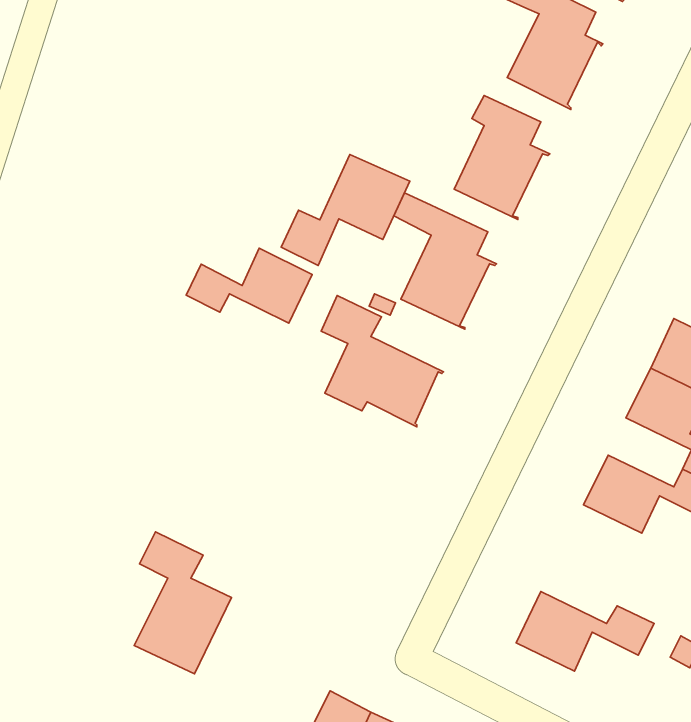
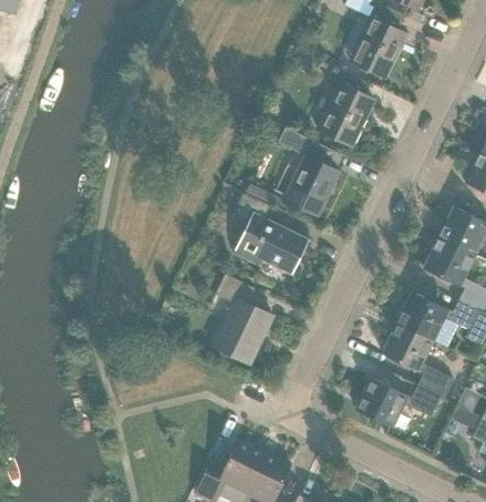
building: [281,154,410,266] -> none
building: [186,248,312,323] -> none
building: none -> [382,324,449,398]
building: [134,532,232,674] -> [211,275,272,363]

